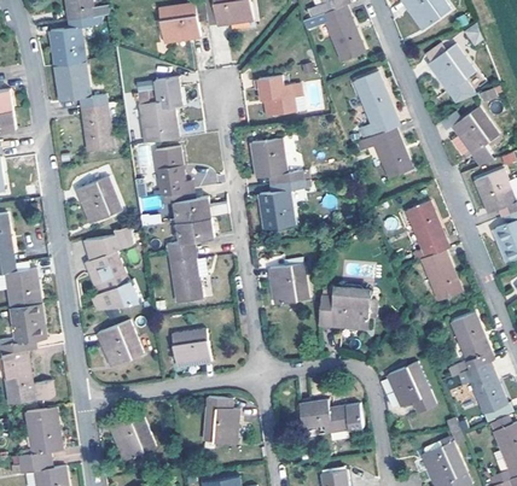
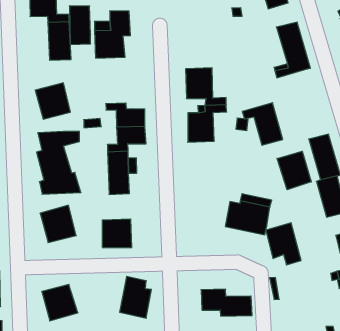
building: [252,75,296,115] -> none
building: [361,127,413,178] -> [242,103,283,145]
building: [155,146,185,194] -> [69,6,91,45]
building: none -> [277,151,311,190]
building: [268,263,308,305] -> none
building: [389,363,435,414] -> [266,223,301,265]

